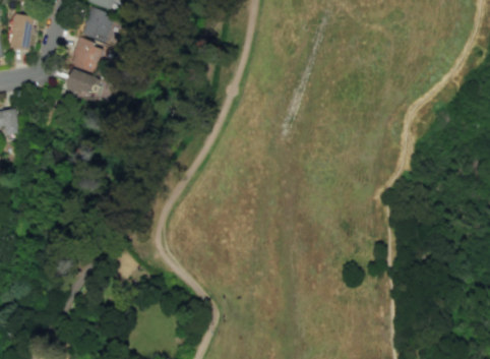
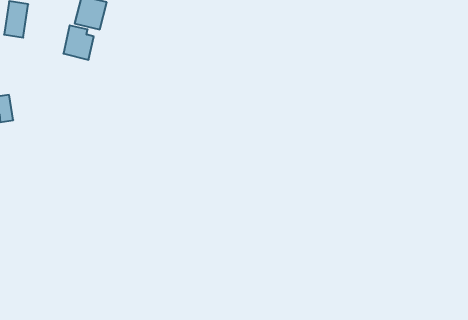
building: [64,68,97,97] -> none

